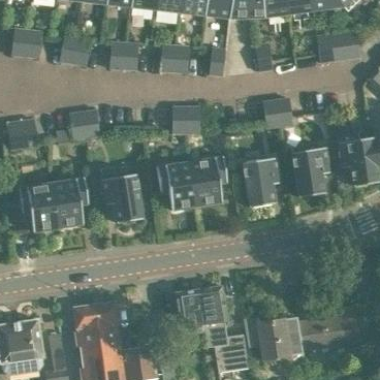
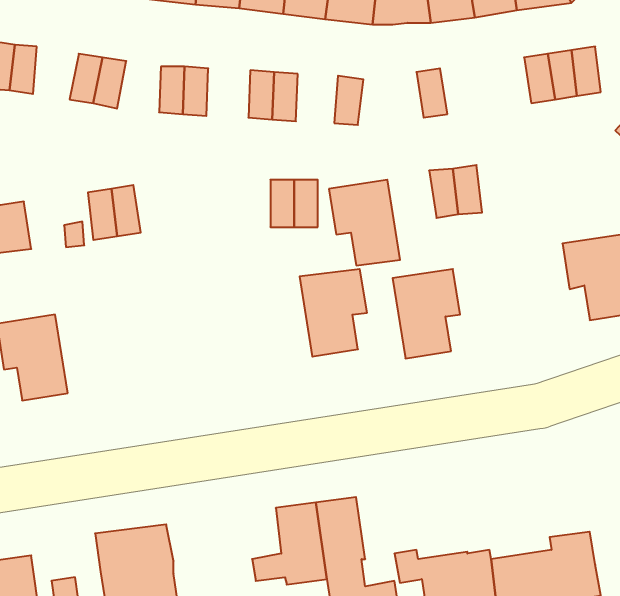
building: [292,147,330,197] -> none
building: [157,161,197,210] -> [329,180,400,265]
building: [100,165,144,222] -> none
building: [52,178,89,227] -> none

